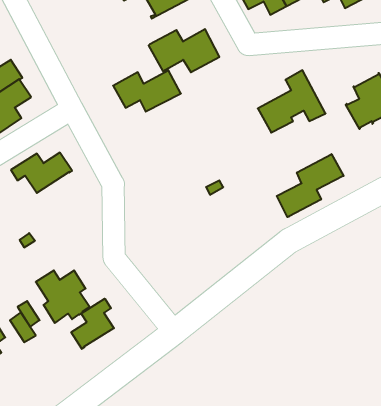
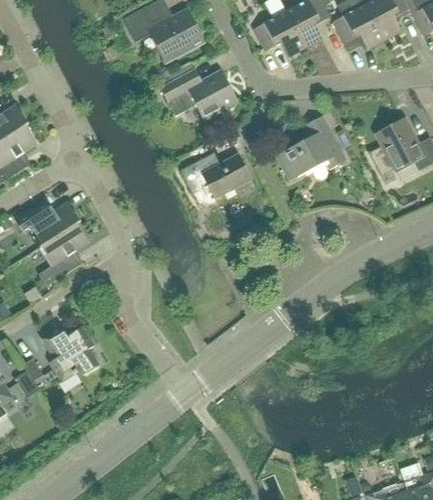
building: [113,70,181,112] -> [180,154,252,197]
building: [277,154,344,217] -> none
building: none -> [39,221,90,285]
building: [71,299,114,349] -> none

